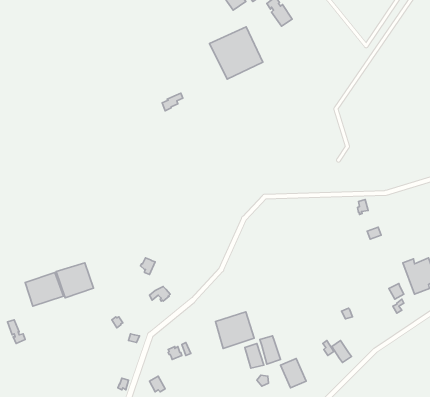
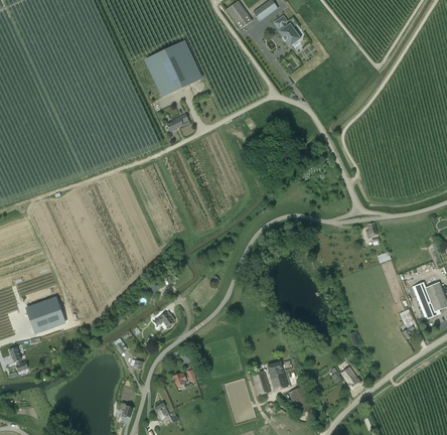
building: [210,27,263,79] -> [146,42,200,96]
building: [56,263,93,298] -> none
building: [215,312,254,349] -> none

